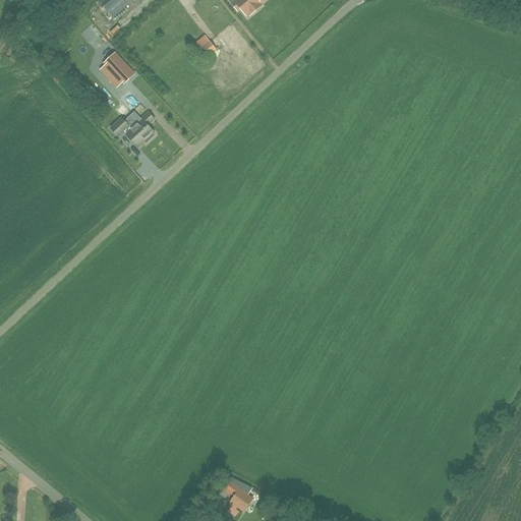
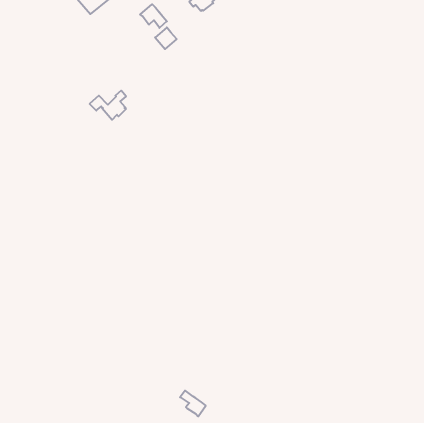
building: none -> [140,4,167,28]
building: [105,52,134,82] -> none

